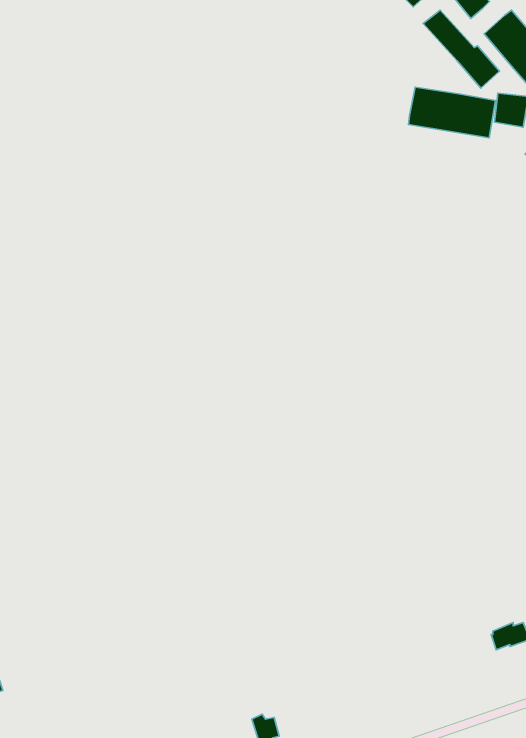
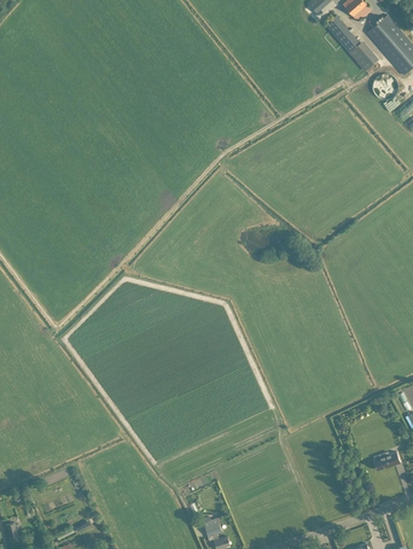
building: [409,87,496,138] -> none

